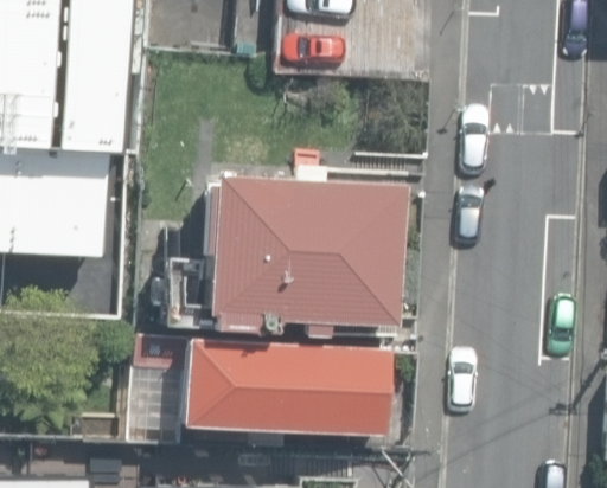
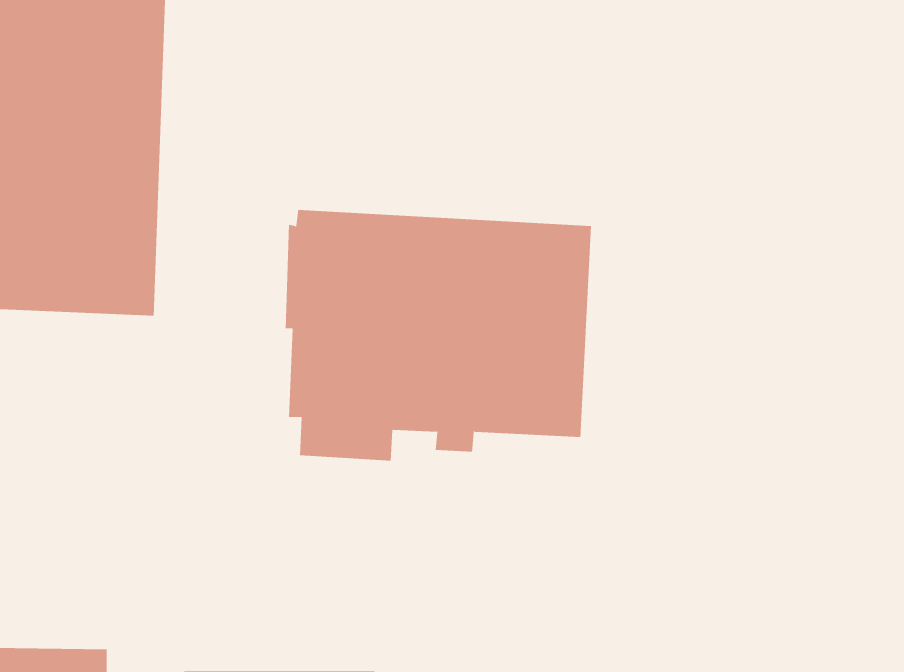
building: [129,336,384,438] -> none

